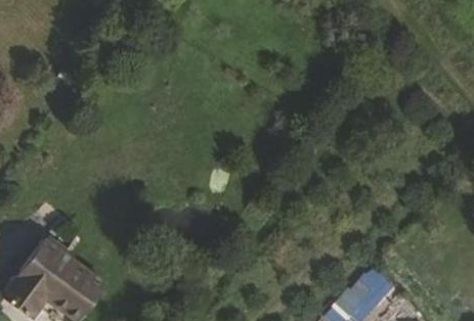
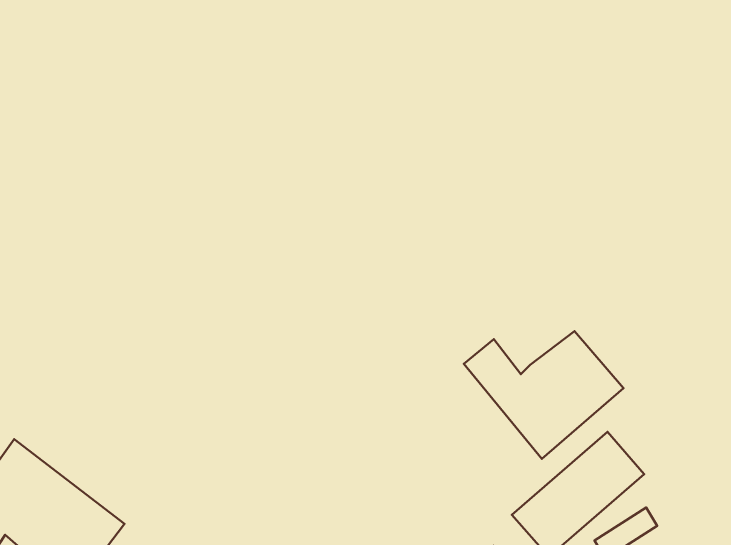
building: none -> [464,331,623,459]

